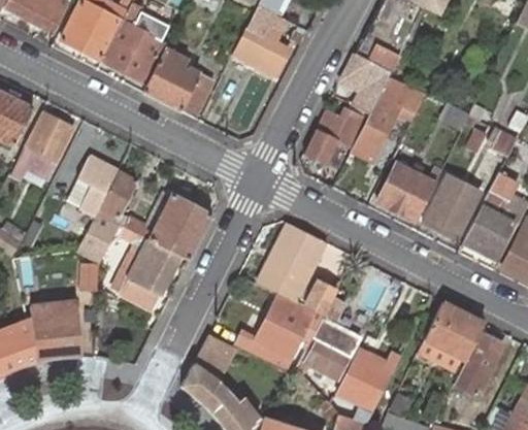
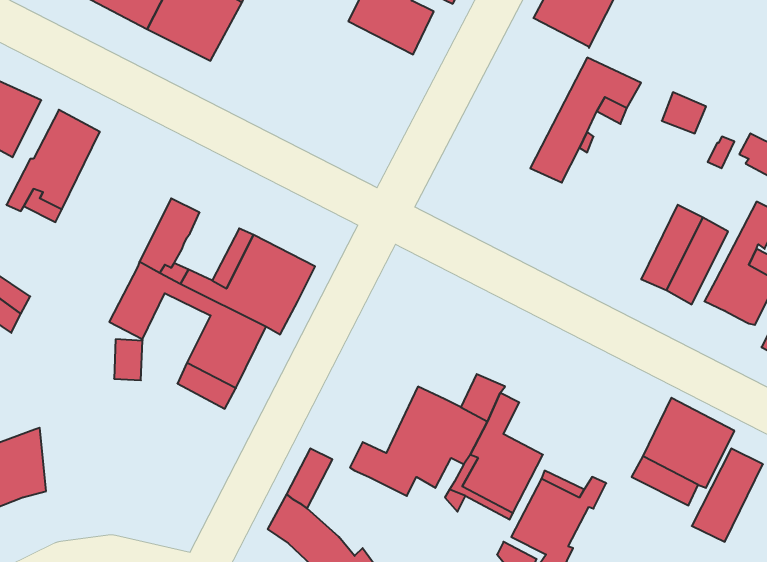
building: [142,46,213,117] -> none
building: [340,53,390,114] -> none
building: [305,109,365,165] -> none
building: [376,153,435,222] -> none
building: [77,155,118,214] -> none
building: [258,223,325,301] -> none
building: [31,301,81,361] -> none

